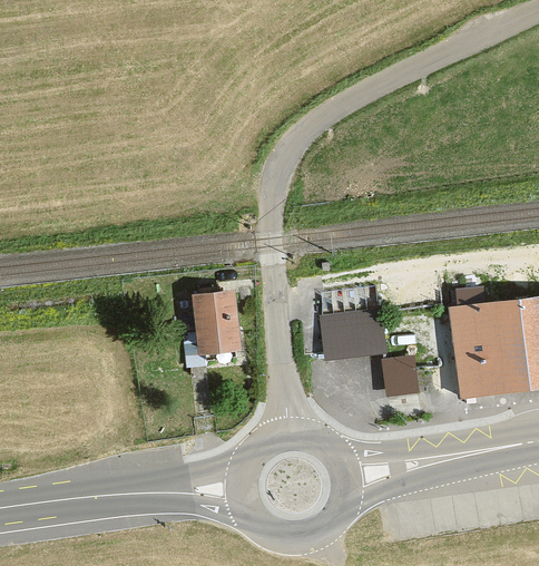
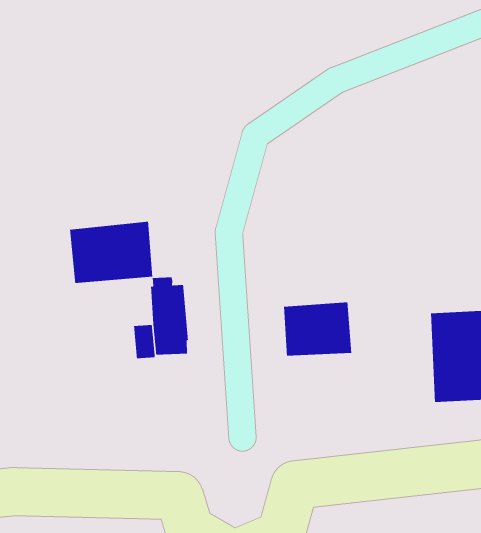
building: none -> [69,221,153,284]
building: [382,354,420,396] -> none

